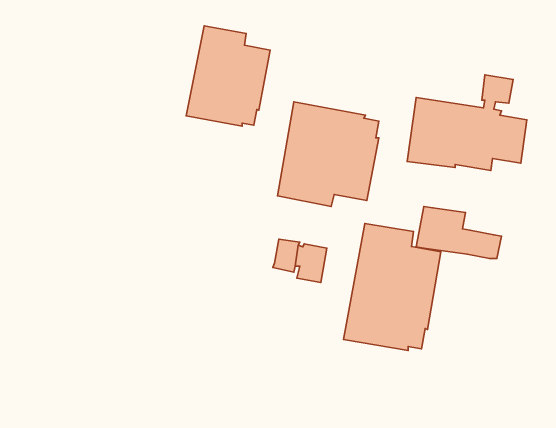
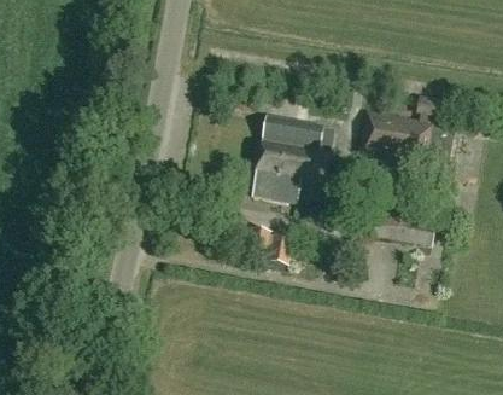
building: [186,26,270,126] -> none
building: [344,223,441,351] -> none

